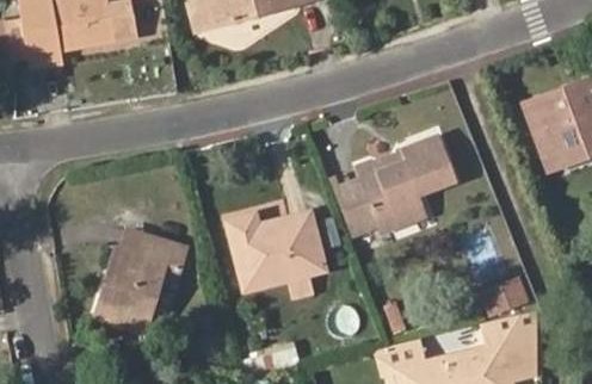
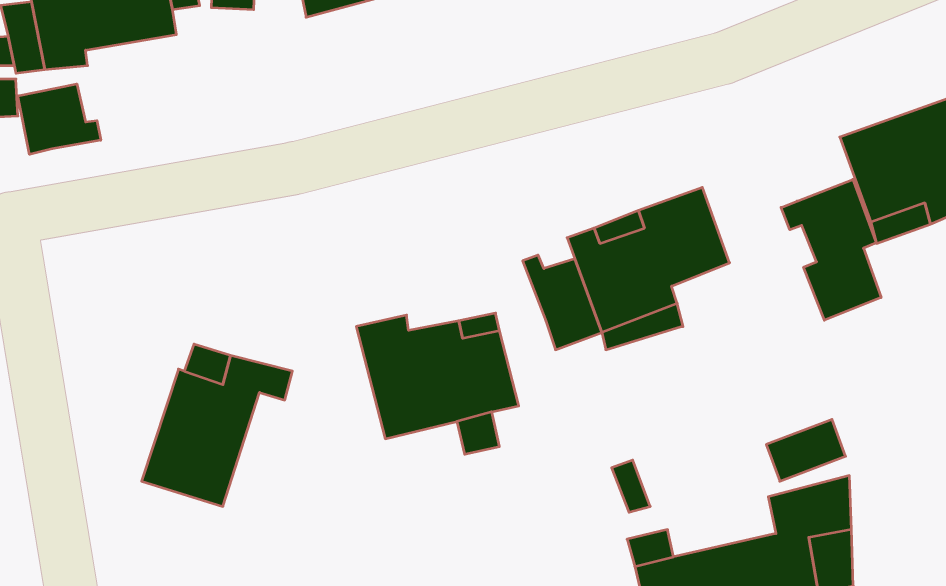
building: none -> [18,84,101,154]
building: none -> [781,179,881,320]

